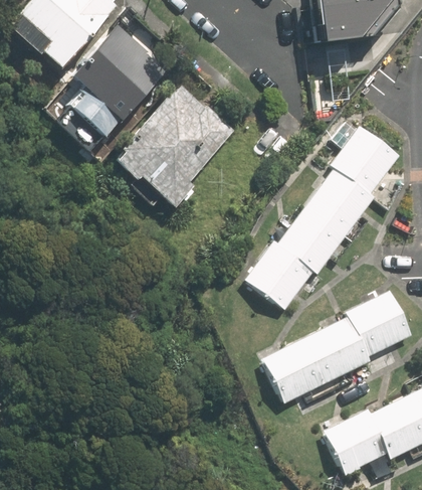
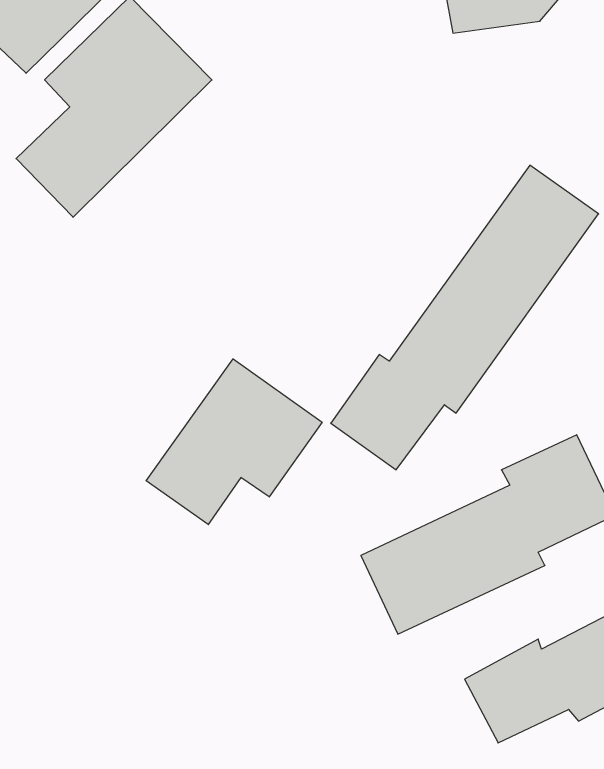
building: [111,80,236,208] -> none
building: none -> [146,359,322,525]

